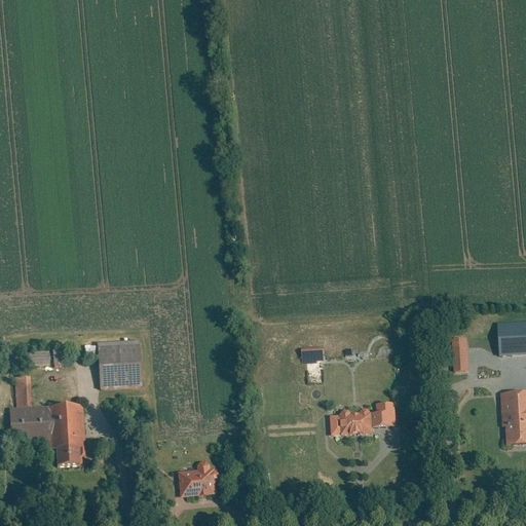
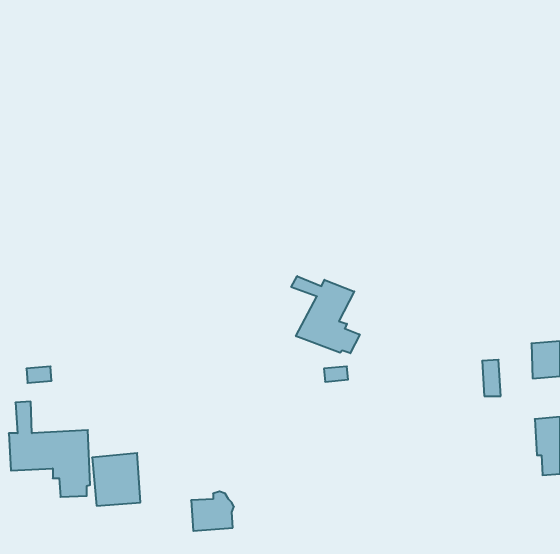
building: none -> [291,276,360,353]
building: [96,338,141,387] -> [92,453,140,506]
building: [339,400,397,434] -> none

